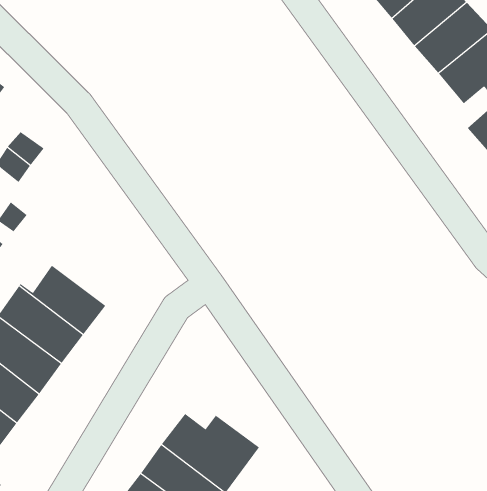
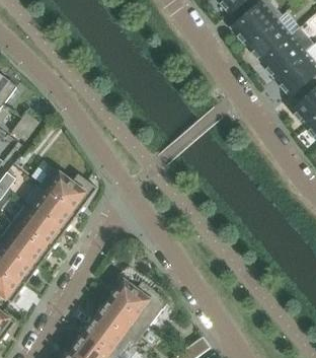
building: none -> [38,166,97,215]

